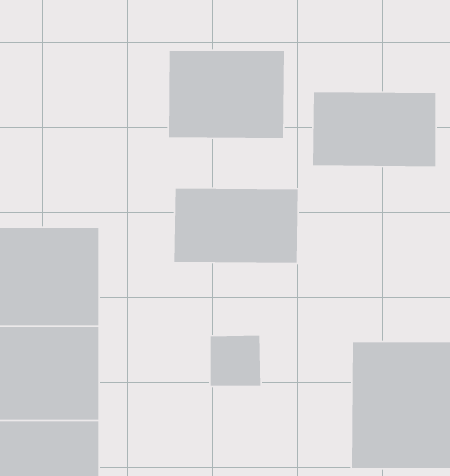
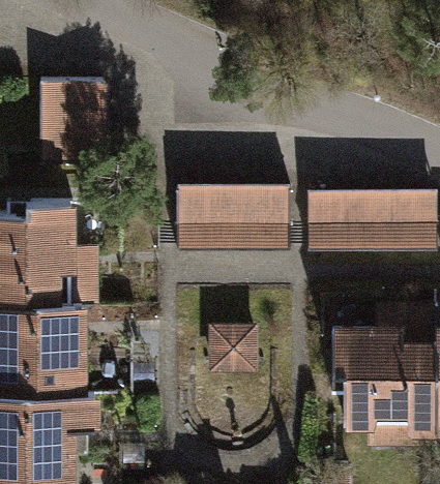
building: [168,50,285,139] -> none
building: none -> [45,86,100,171]
building: [312,91,436,167] -> [307,180,424,251]

